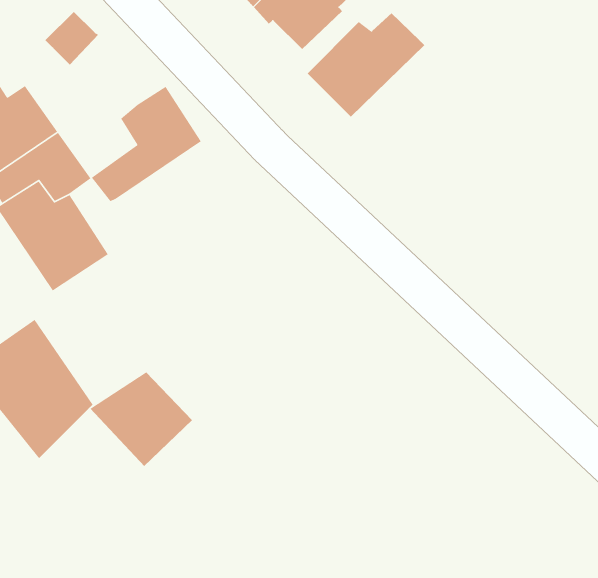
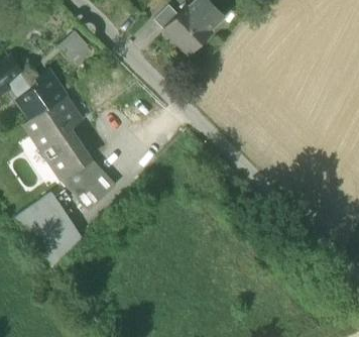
building: [307,12,425,118] -> none
building: [91,86,202,202] -> none
building: [90,371,193,467] -> [61,159,114,209]

